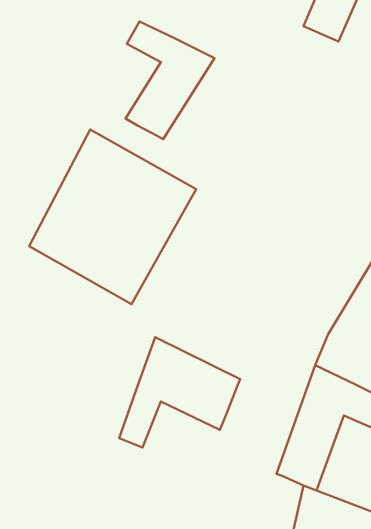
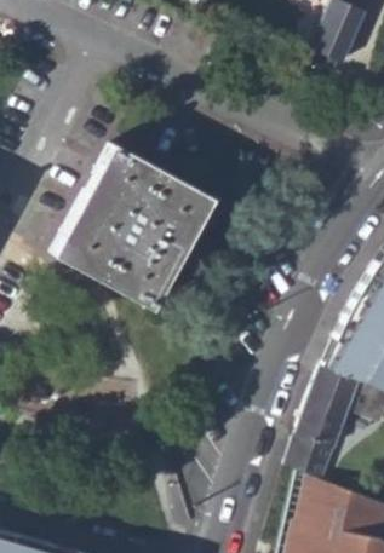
building: [126,21,215,139] -> none
building: [119,337,240,448] -> none

